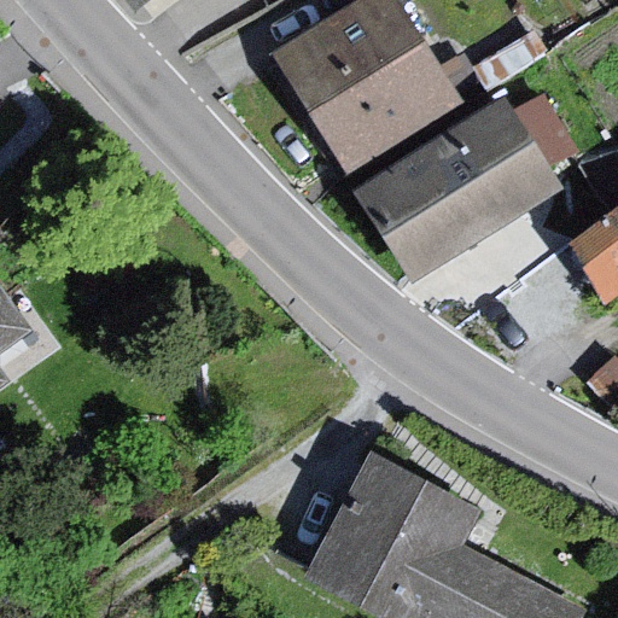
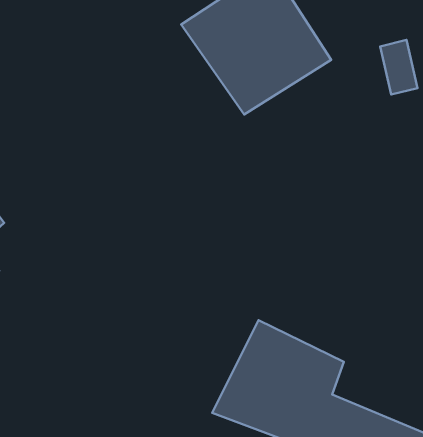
building: [350,95,567,286] -> none

